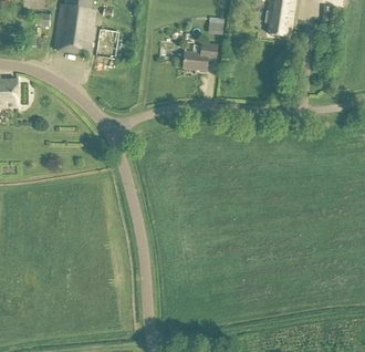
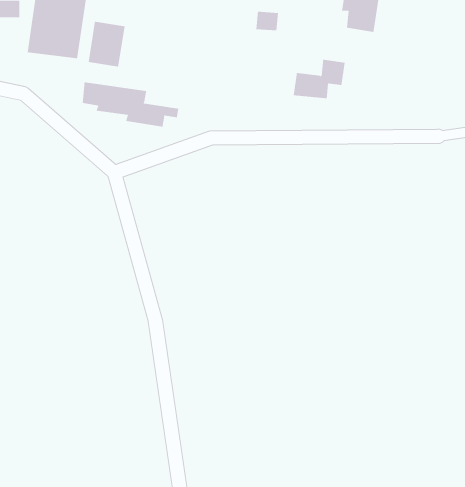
building: [182,42,218,69] -> [293,59,345,99]
building: none -> [82,82,179,127]

